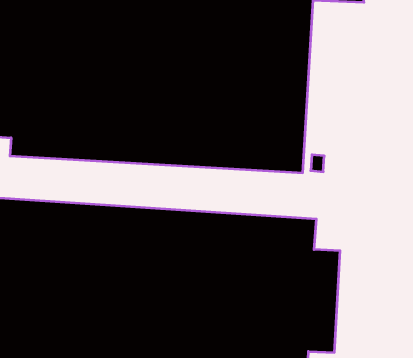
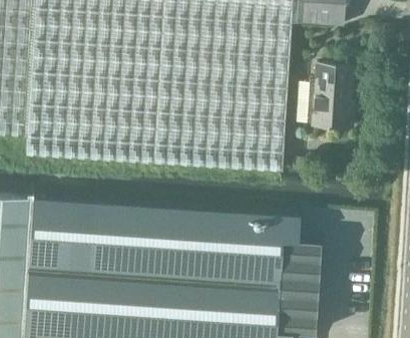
building: none -> [294,60,351,124]

